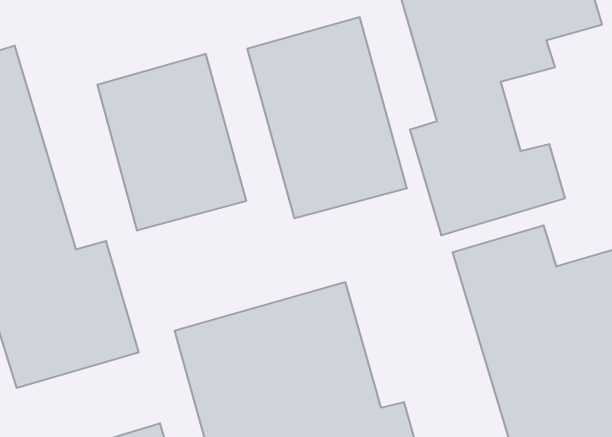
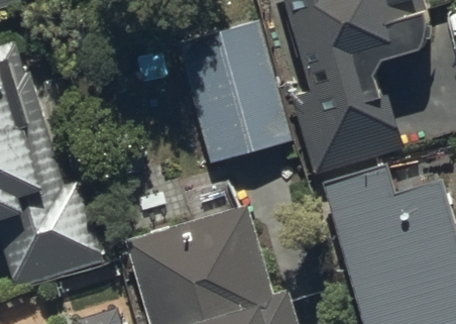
building: [97,54,246,231] -> none

